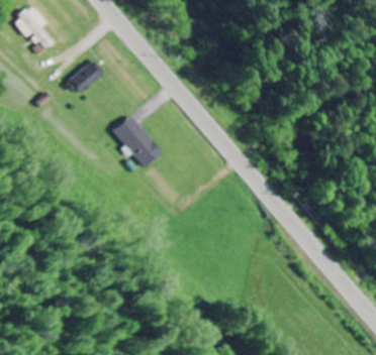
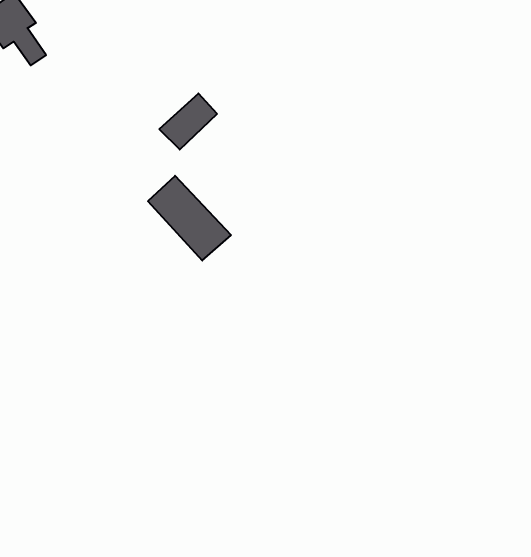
building: [69,61,103,94] -> [159,93,217,150]

